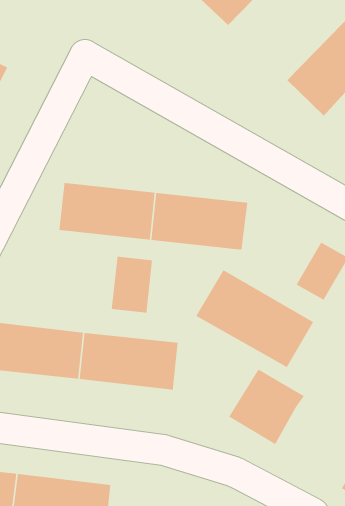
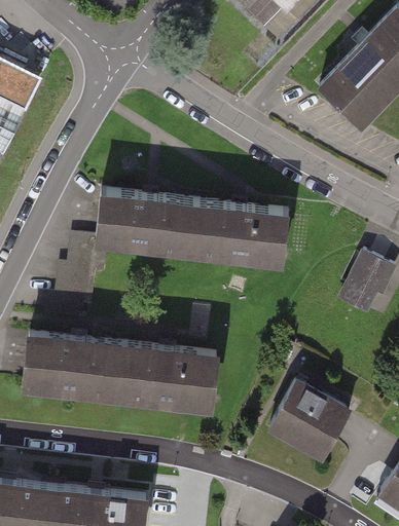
building: [111,256,153,314] -> none
building: [195,269,314,368] -> none

